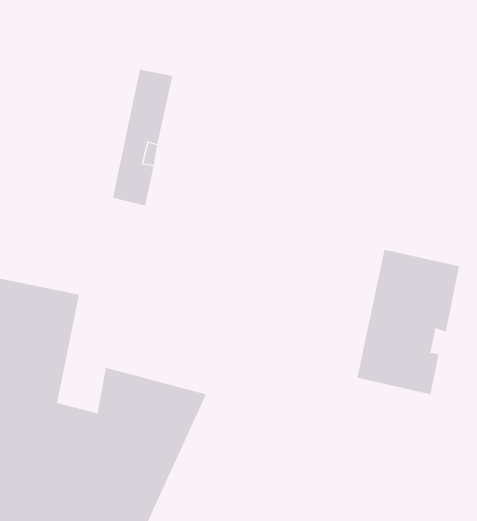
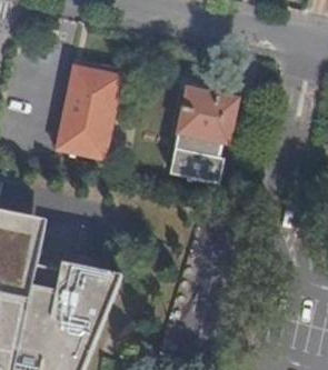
building: none -> [46,61,92,152]
building: [357,249,460,395] -> [160,86,228,181]

